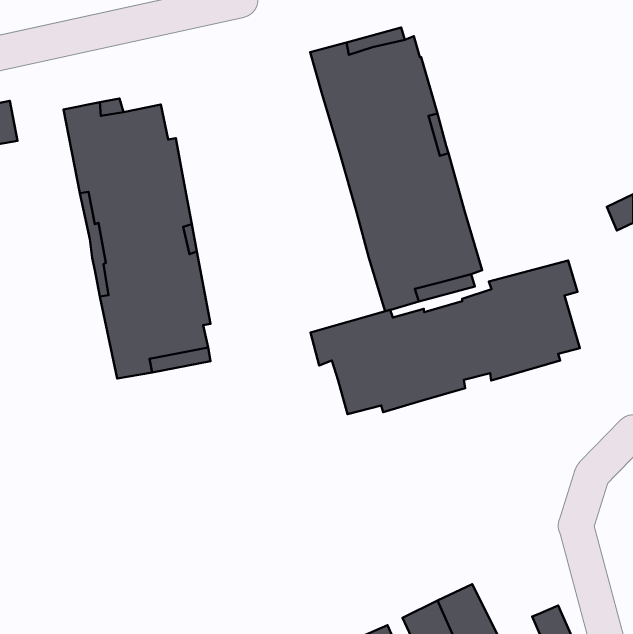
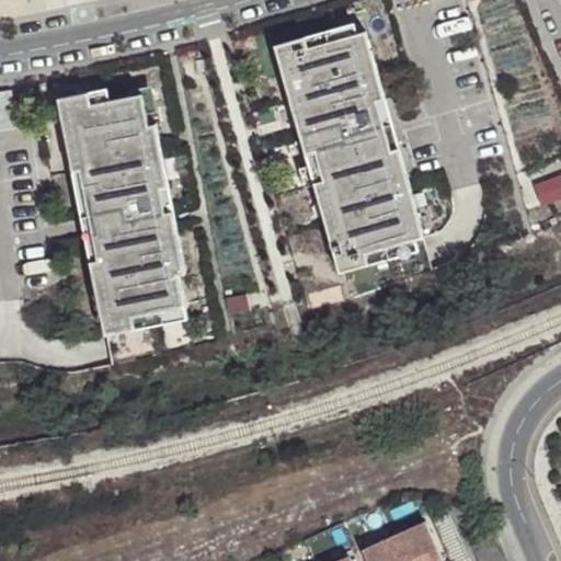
building: [310,260,580,414] -> none

